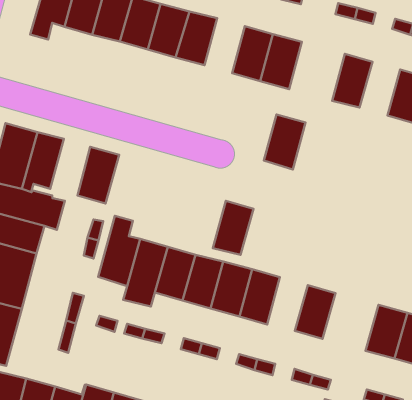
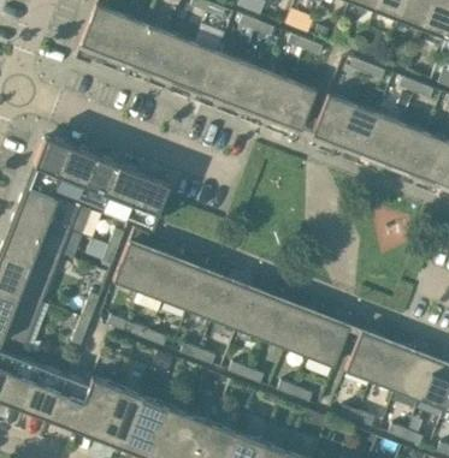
building: none -> [228,61,267,112]
building: none -> [362,114,402,163]
building: [264,115,306,170] -> [313,95,354,145]
building: none -> [78,155,118,207]
building: none -> [126,174,169,227]
building: [213,201,253,255] -> [260,298,300,347]
building: none -> [308,317,349,367]

